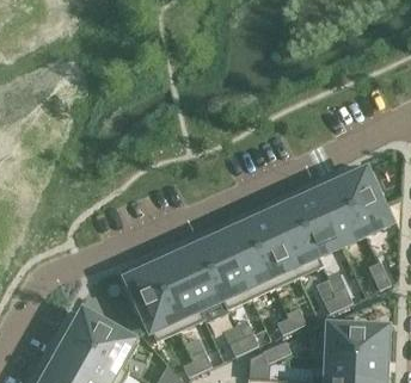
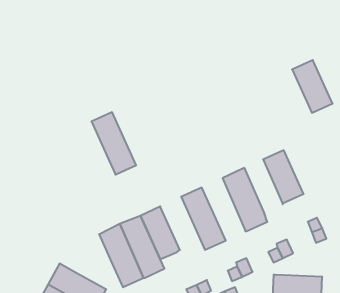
building: [338,168,385,229] -> [292,60,333,113]
building: [293,190,337,251] -> none
building: [244,211,294,283] -> none
building: [196,233,247,304] -> [91,112,136,175]

